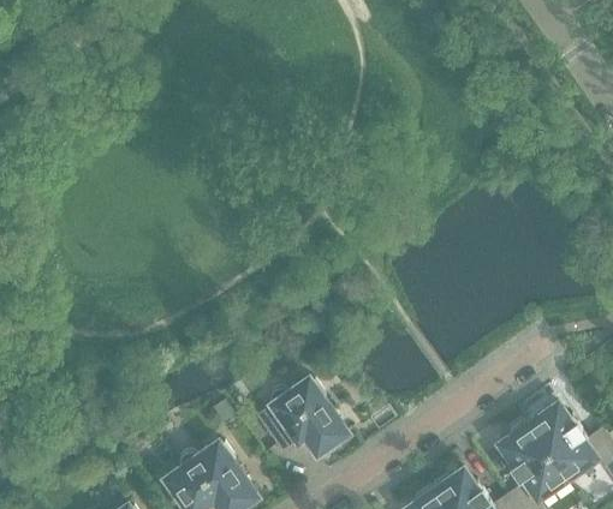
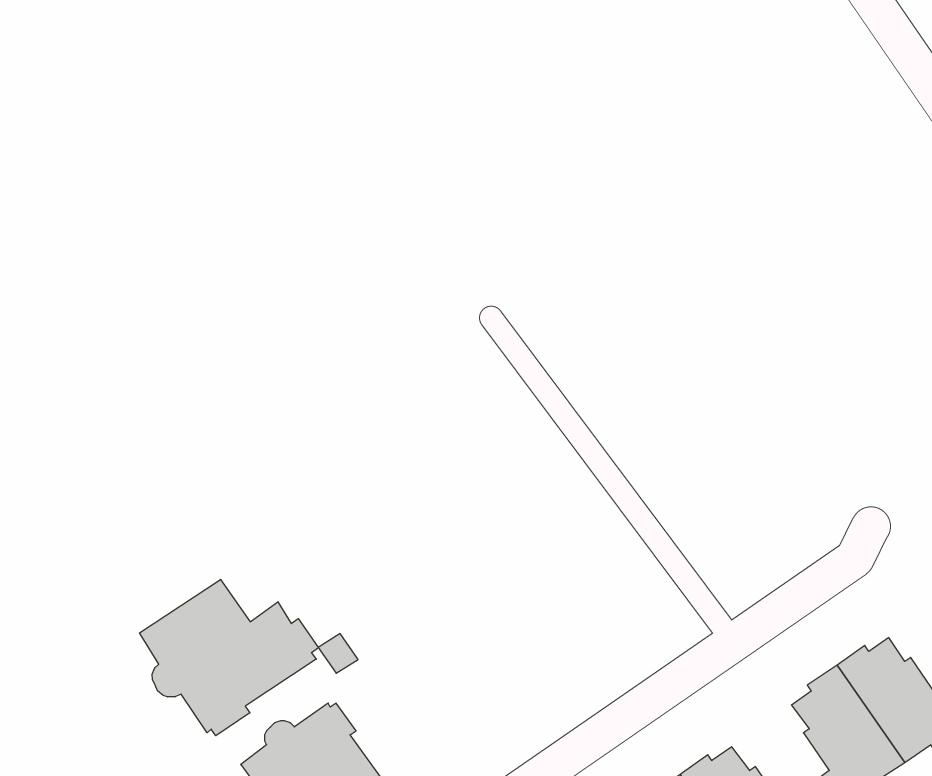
building: none -> [139,579,318,736]
building: [255,379,346,455] -> none

